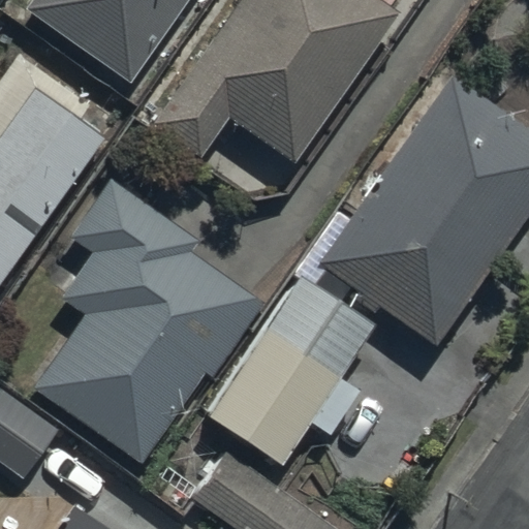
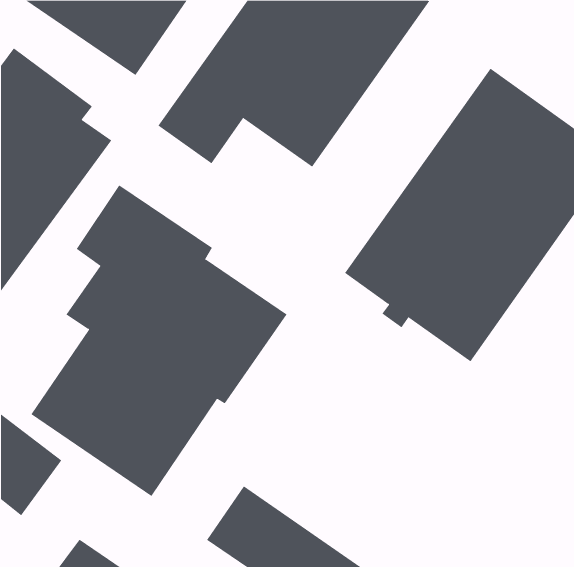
building: [204,283,371,471] -> none

